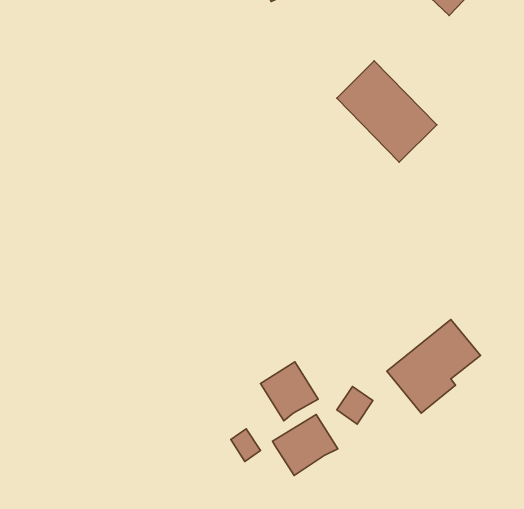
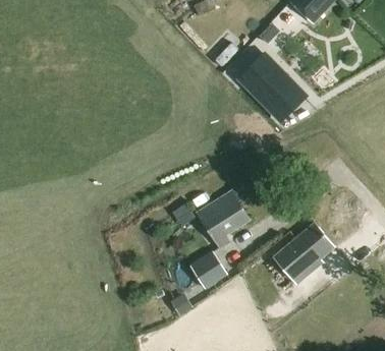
building: none -> [197,191,249,249]
building: [273,414,338,476] -> none

